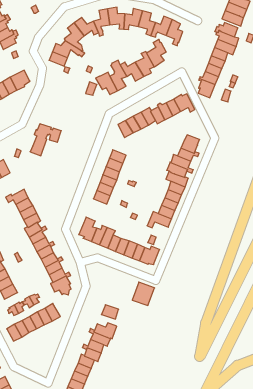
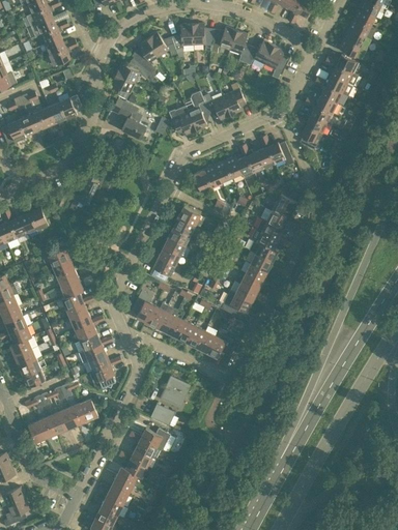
building: [146,39,166,67] -> none
building: none -> [111,98,146,139]
building: [132,282,155,305] -> [160,376,190,407]

